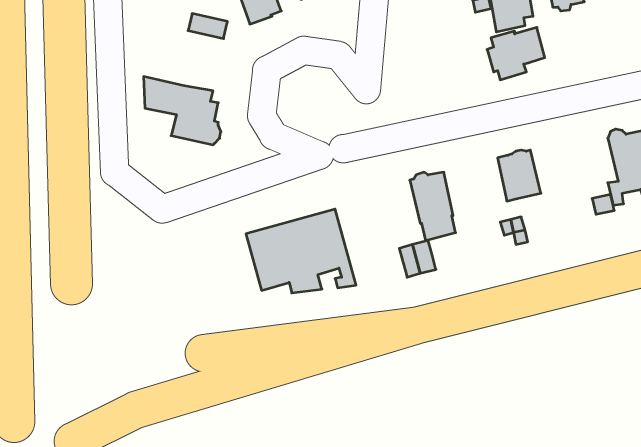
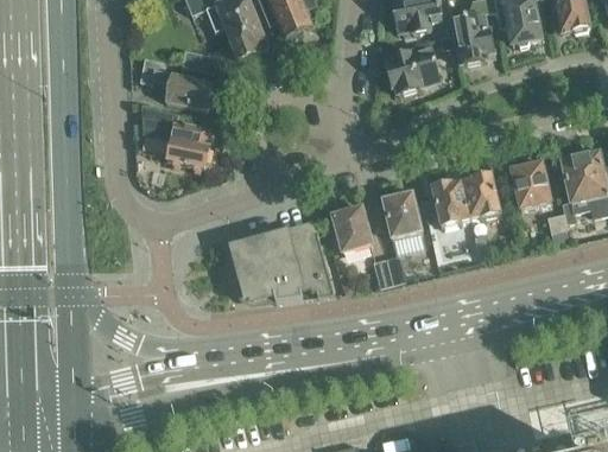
building: none -> [140,57,213,109]
building: [487,27,545,80] -> [386,46,438,94]
building: none -> [511,161,551,209]
building: none -> [431,179,470,225]
building: none -> [332,204,372,252]

